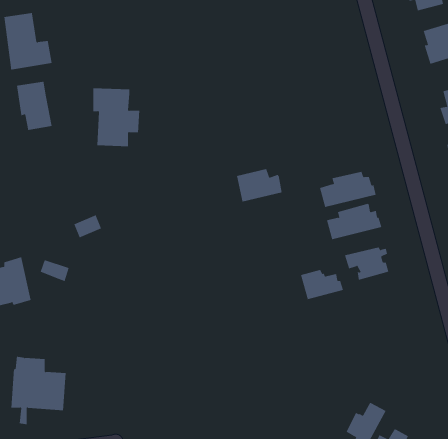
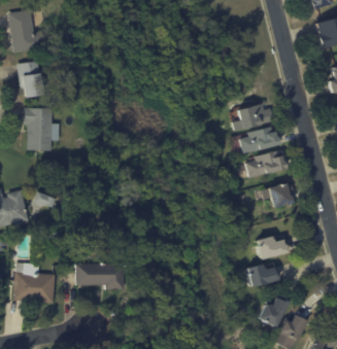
building: [92,88,140,147] -> [25,107,60,150]
building: [236,169,282,202] -> [238,104,272,129]
building: [300,269,344,300] -> [256,237,288,259]
building: none -> [77,264,126,289]
building: none -> [245,264,280,287]

